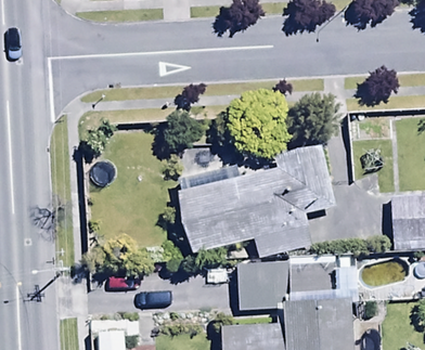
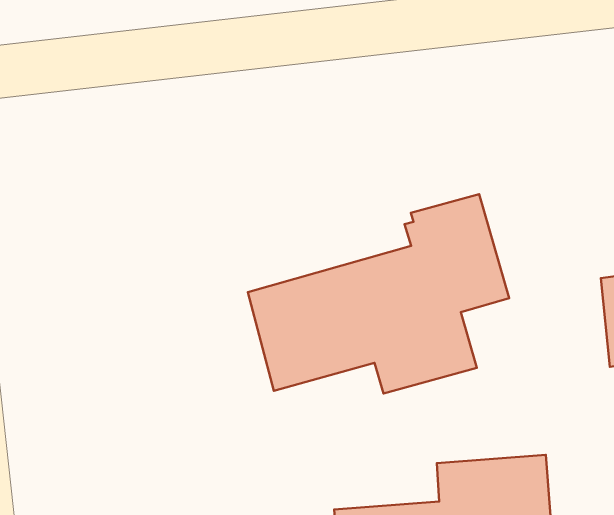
building: [235,261,332,304] -> none

